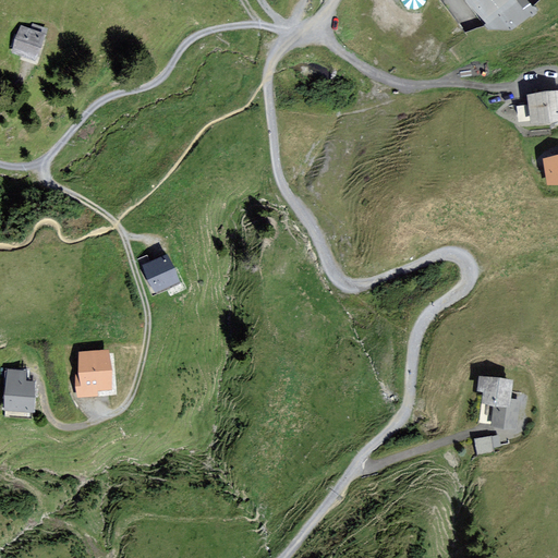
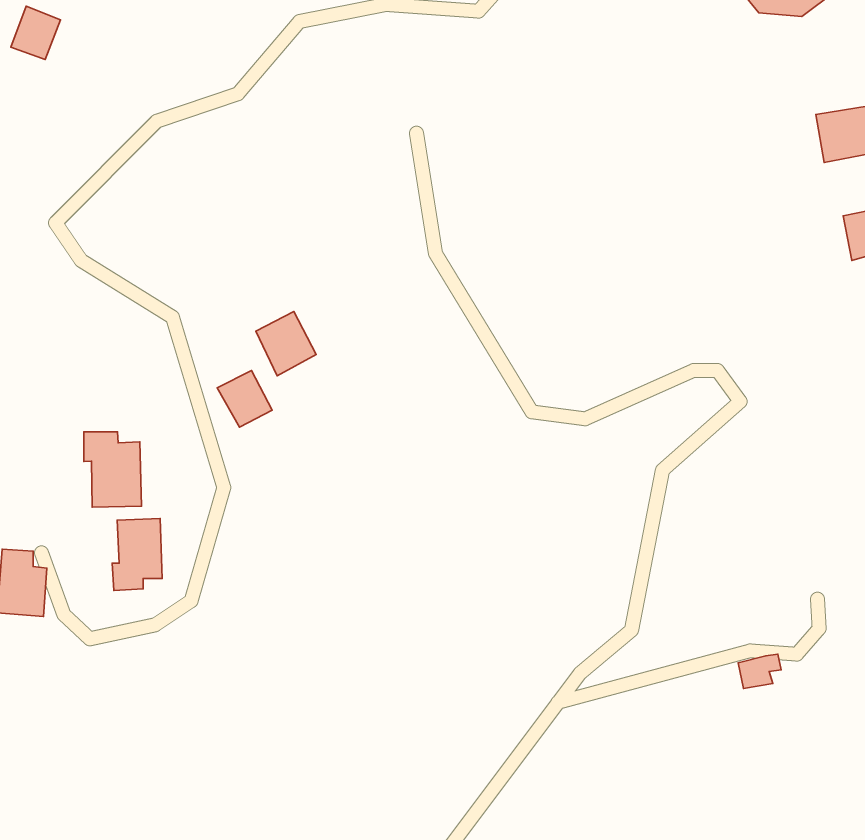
building: none -> [256,312,316,376]
building: none -> [84,432,142,507]
building: [472,375,518,428] -> none

